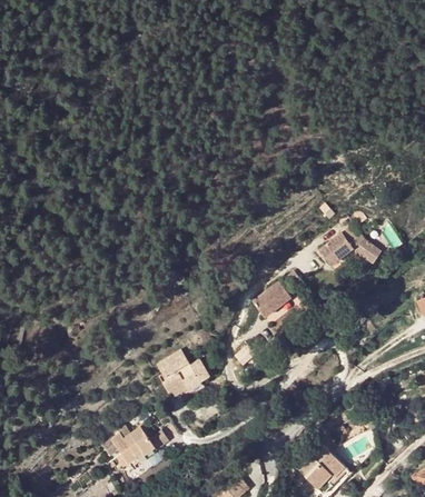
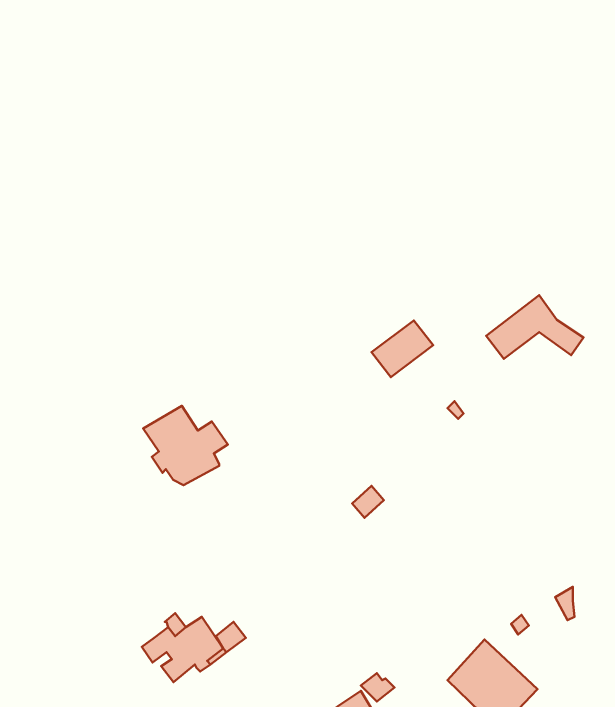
building: [251,282,290,318] -> [371,320,433,377]
building: [156,351,209,401] -> [143,406,228,485]

